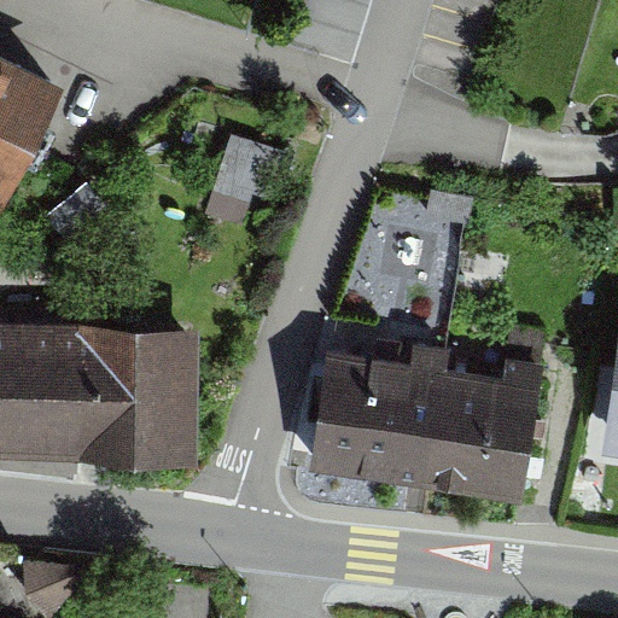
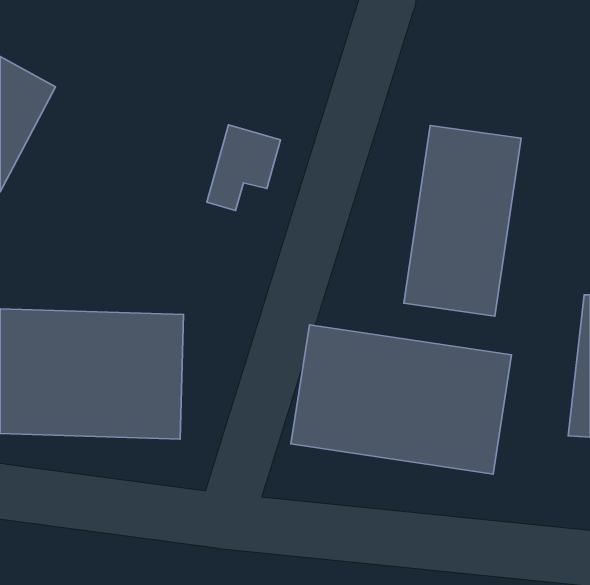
building: none -> [404,125,521,316]

